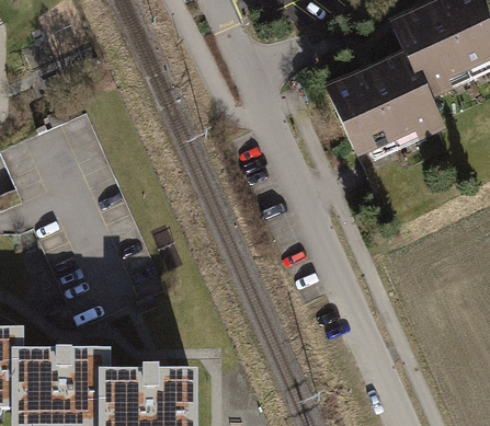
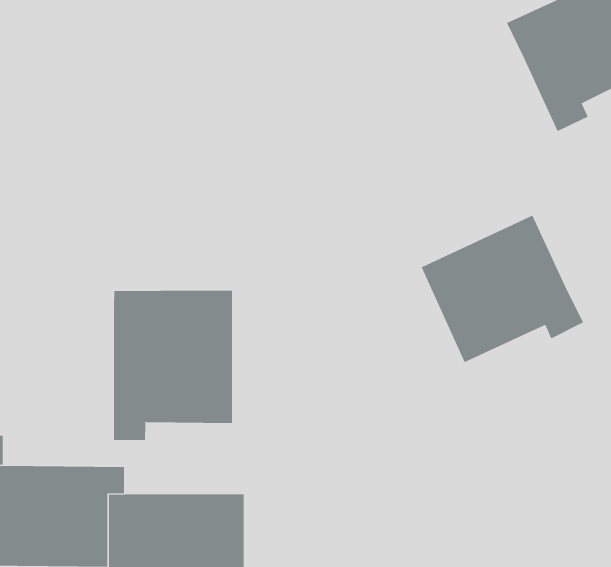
building: [321,49,441,158] -> [421,215,584,363]
building: none -> [114,290,232,441]

